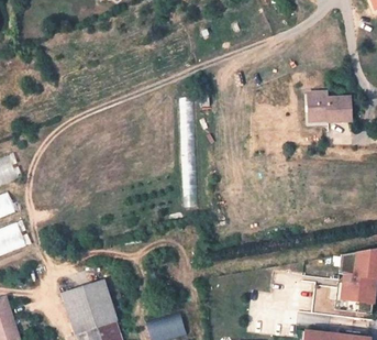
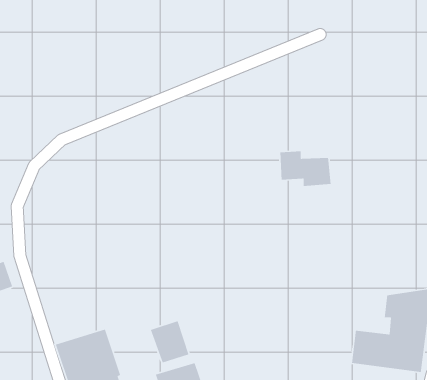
building: [308,90,352,121] -> [279,151,331,187]
building: none -> [150,320,189,363]

